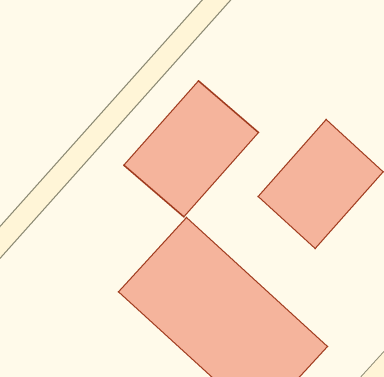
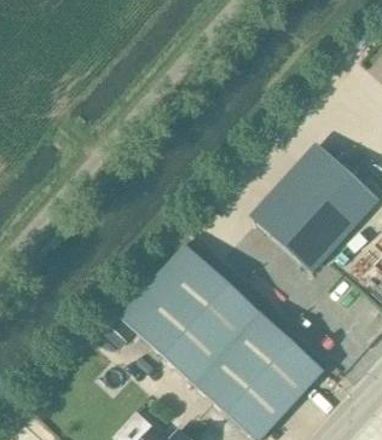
building: [124,81,258,217] -> none

